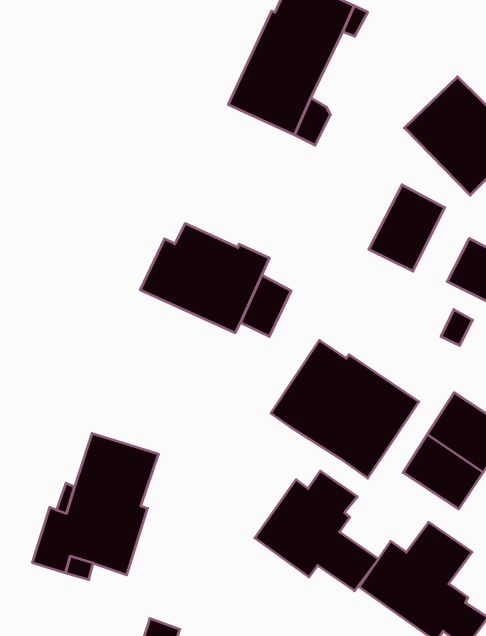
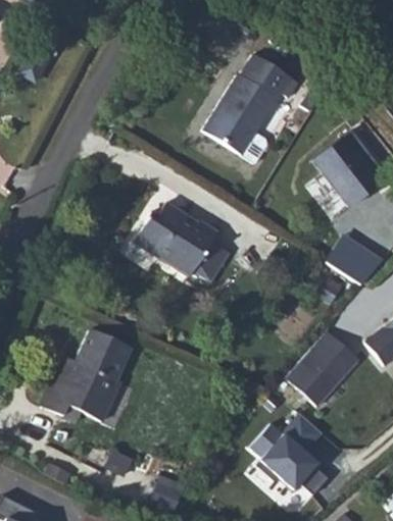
building: [369,185,445,271] -> none
building: [271,340,419,478] -> none
building: [255,471,379,591] -> none

